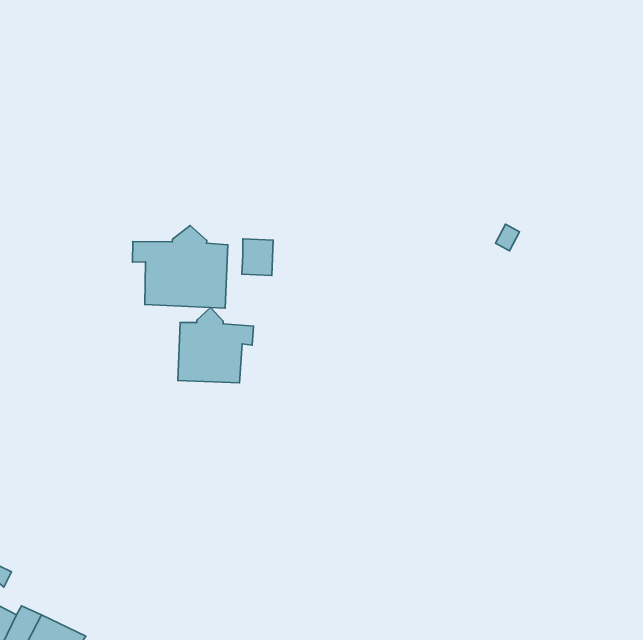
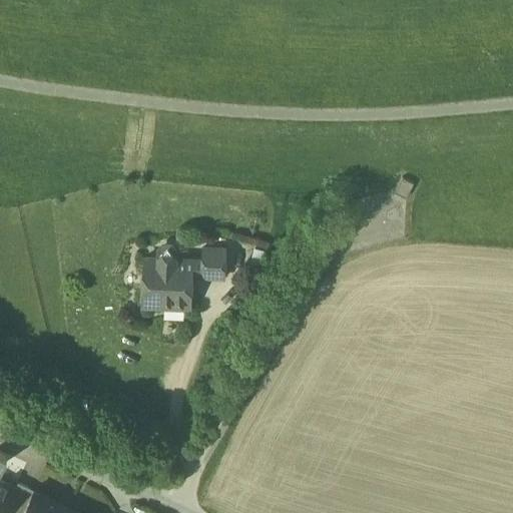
building: [132,225,228,308] -> none
building: [242,239,273,275] -> [200,249,225,279]

